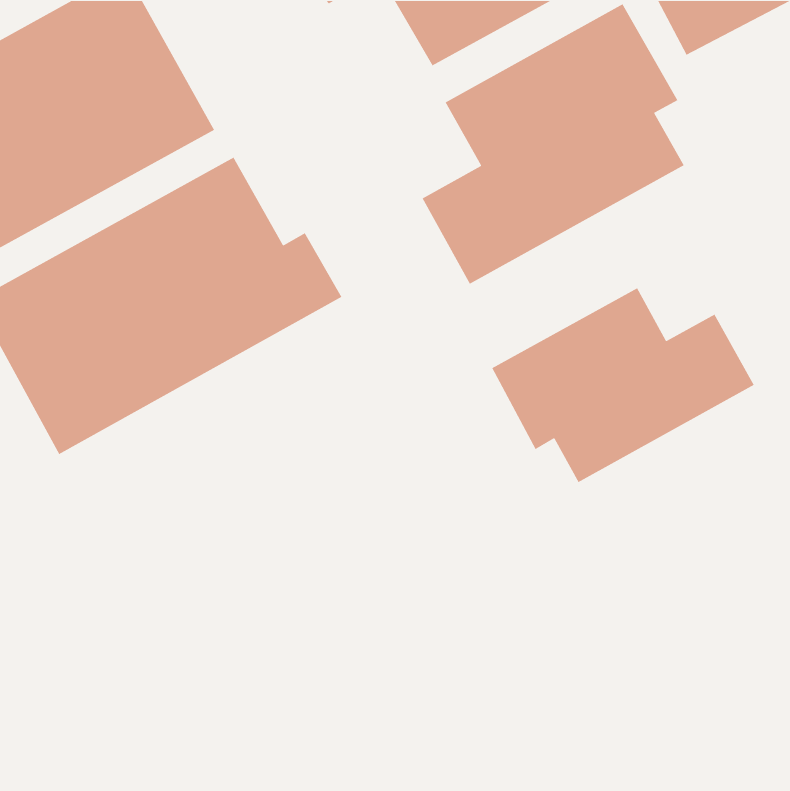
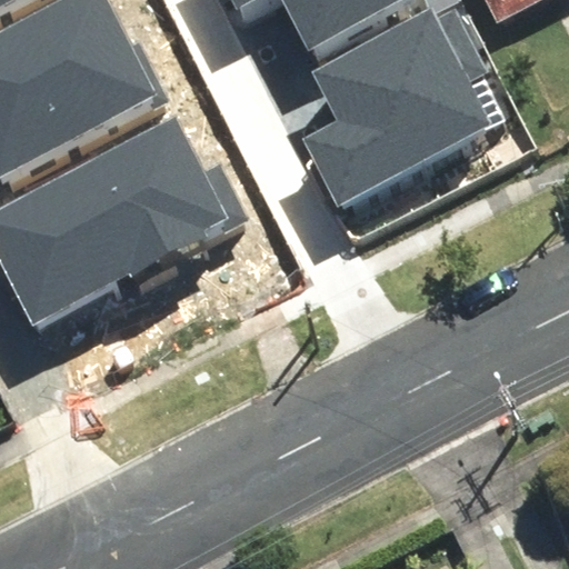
building: [491,287,755,483] -> none

